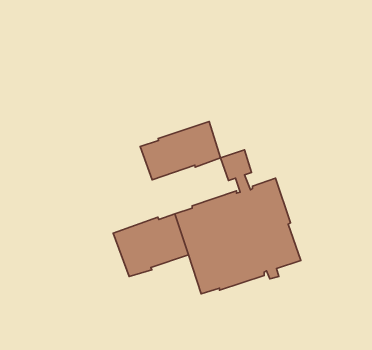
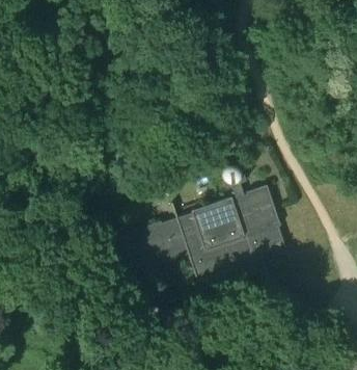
building: [140,122,221,180] -> none

